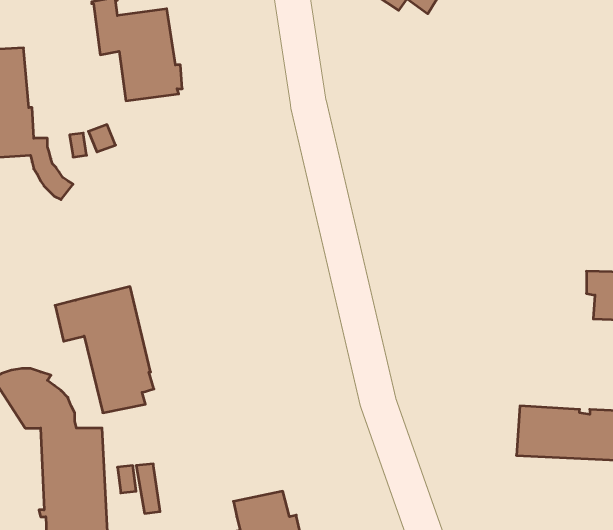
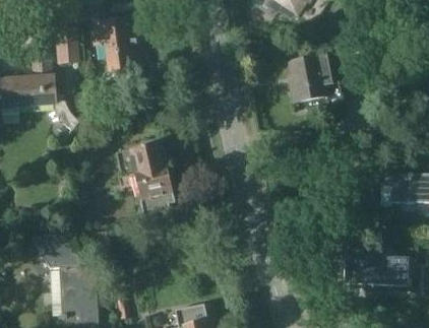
building: none -> [56,27,78,62]
building: none -> [288,54,331,103]
building: [55,287,154,413] -> [116,142,175,217]

